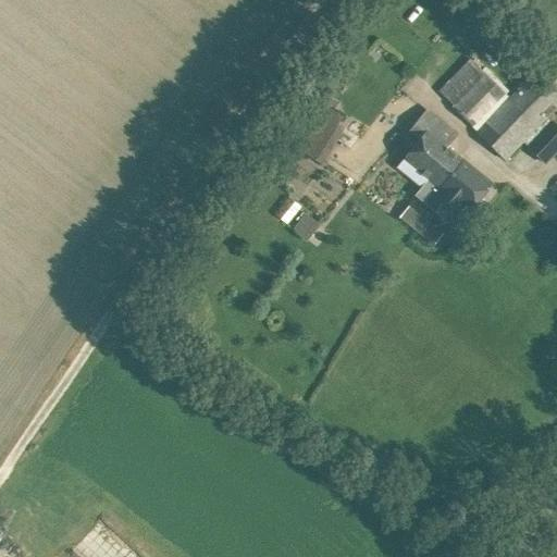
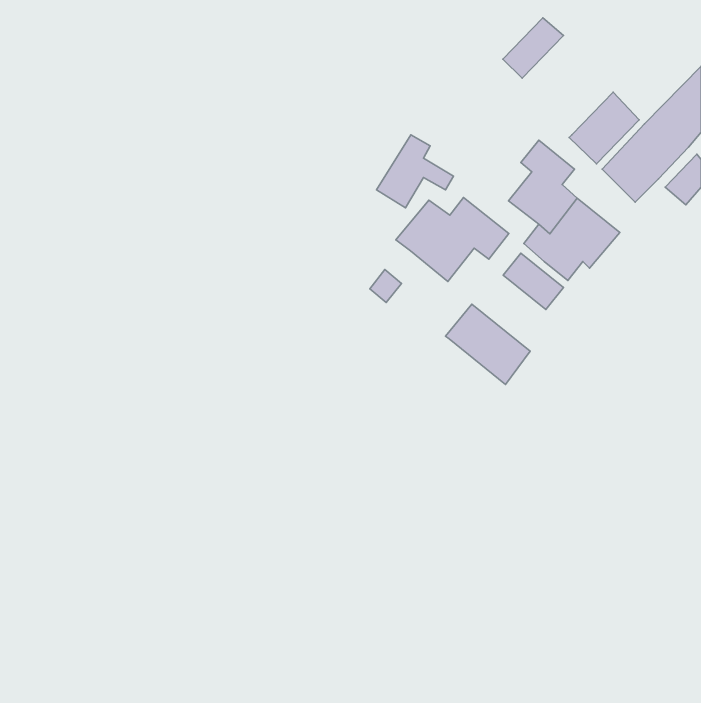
building: [437,59,485,107] -> [503,18,563,78]
building: none -> [396,198,509,281]
building: none -> [445,304,530,385]

